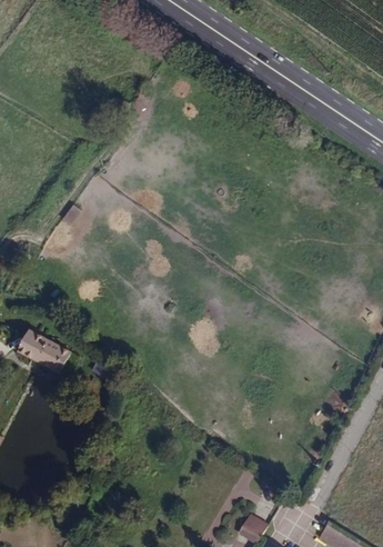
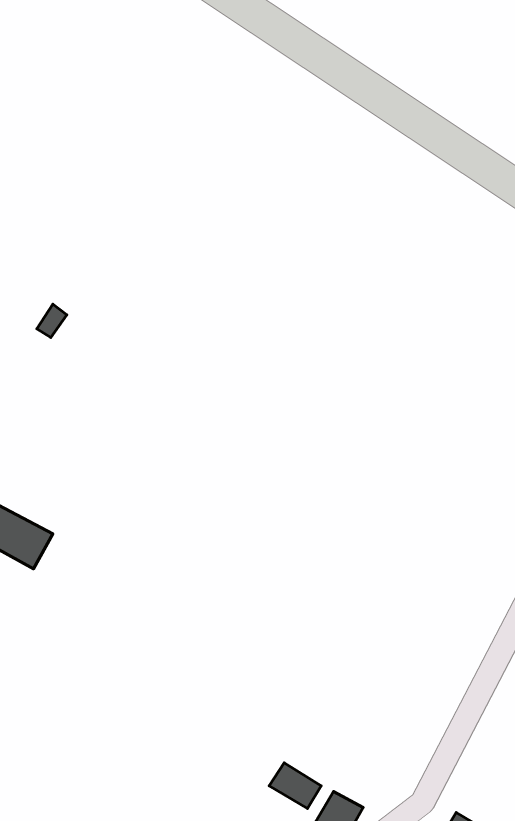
building: none -> [269,763,321,809]

